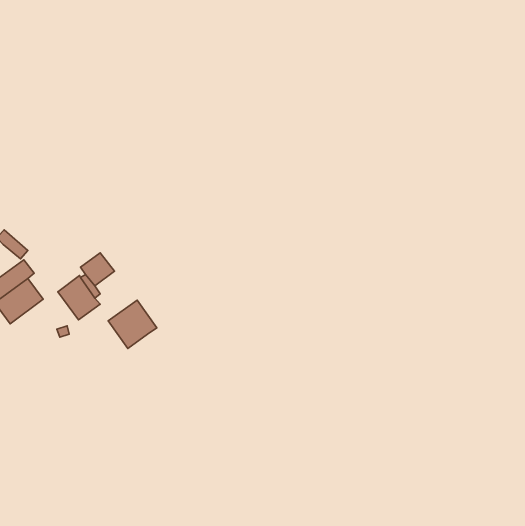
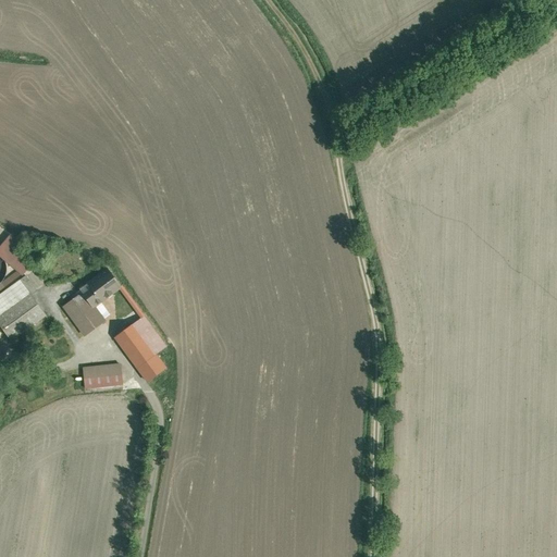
building: none -> [135,352,165,382]
building: none -> [82,363,121,388]

